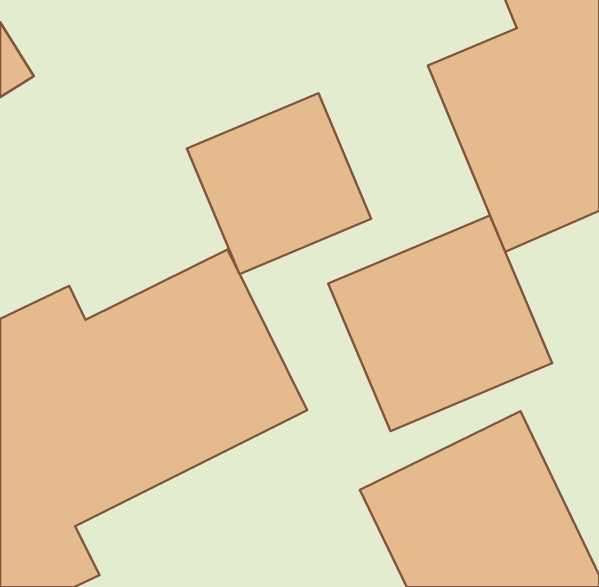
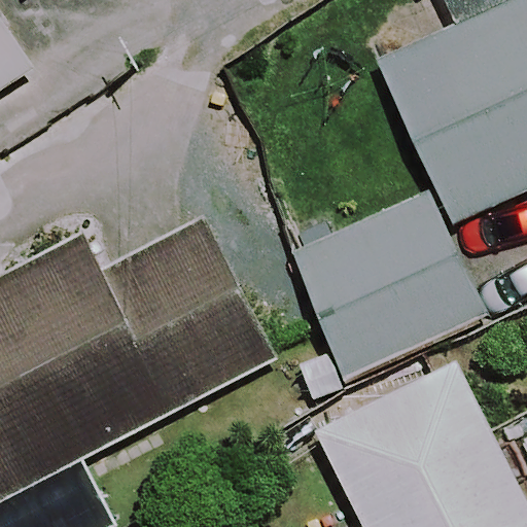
building: [187,93,371,274] -> none

